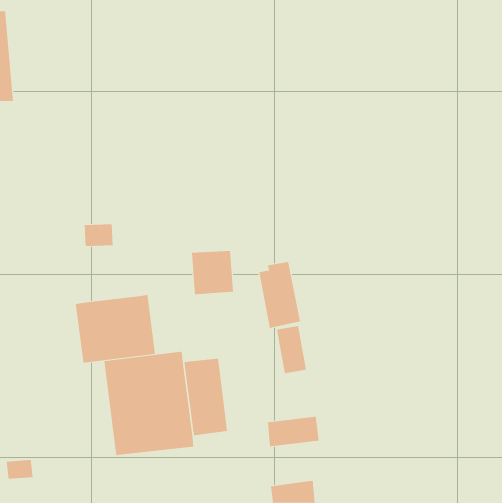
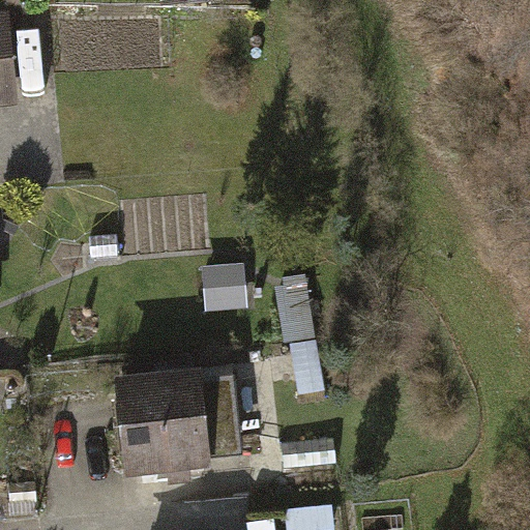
building: [75,294,155,364] -> none

